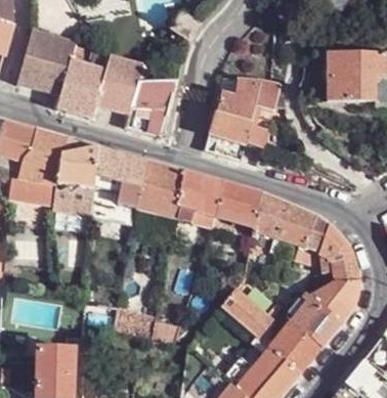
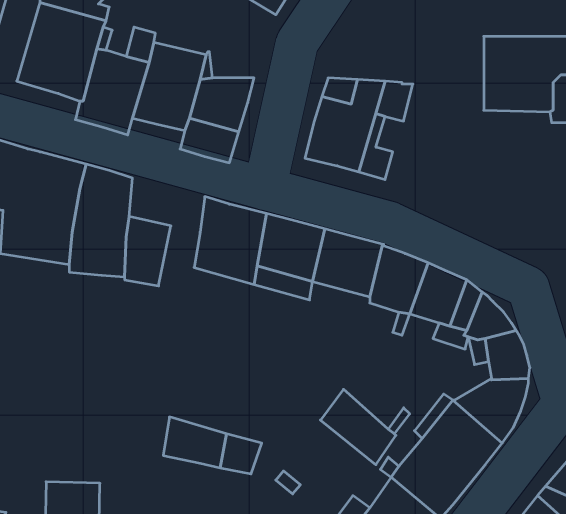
building: [92,147,142,224] -> none

